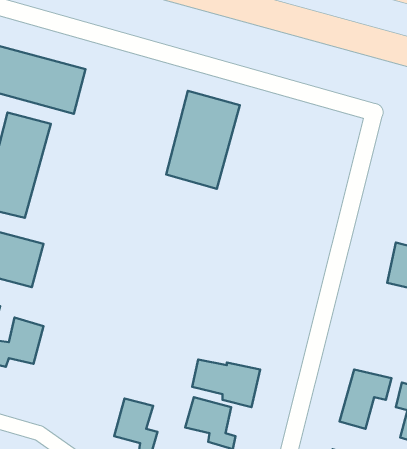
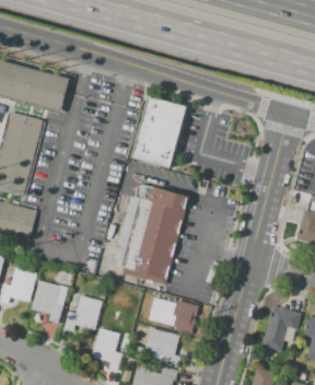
building: none -> [116,183,189,284]
building: none -> [32,280,68,325]
building: none -> [63,295,103,331]

